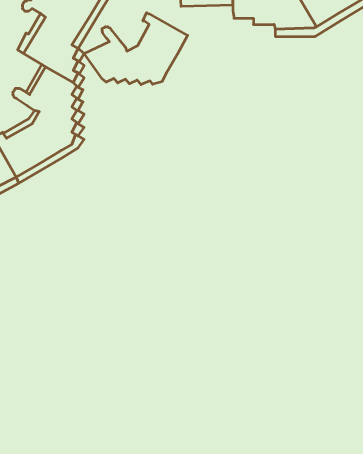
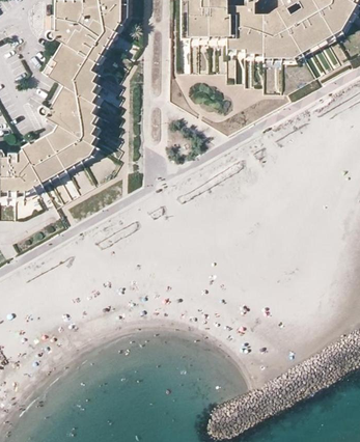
building: [84,13,188,85] -> none

